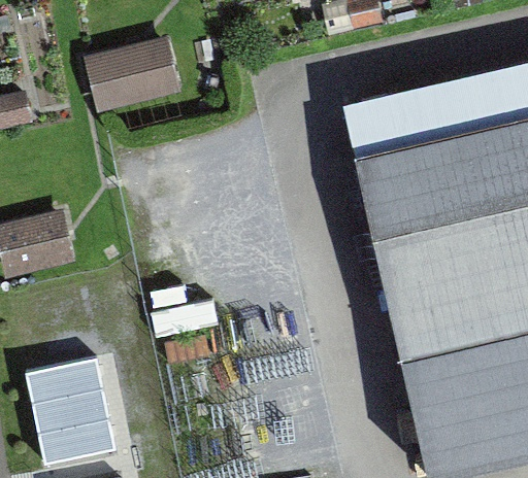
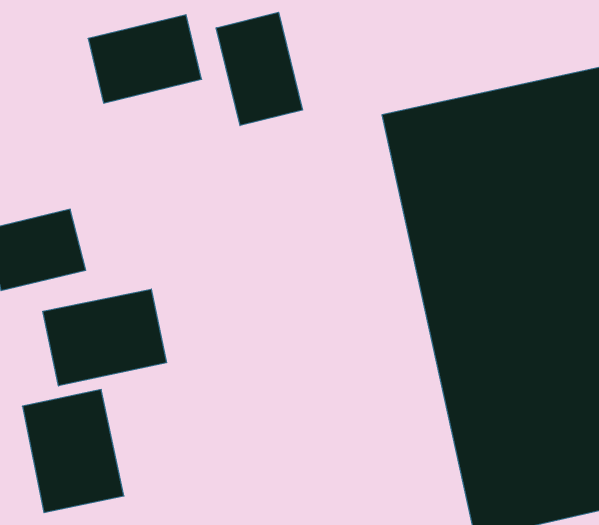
building: none -> [216,12,302,126]
building: none -> [43,289,166,386]

